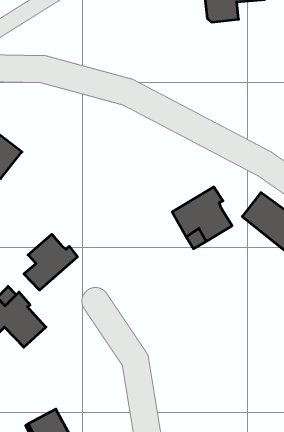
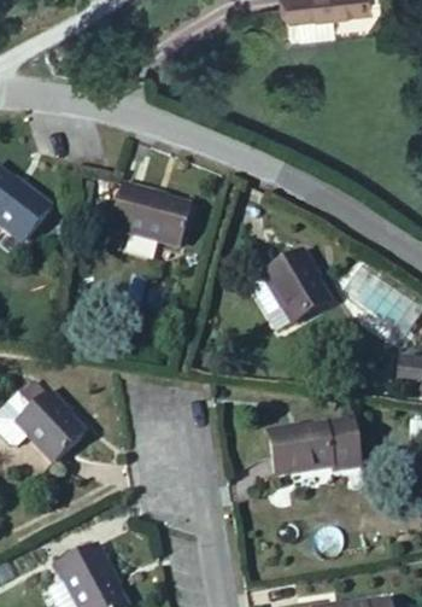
building: none -> [110,180,191,244]
building: [24,234,77,290] -> none
building: none -> [269,420,359,473]

